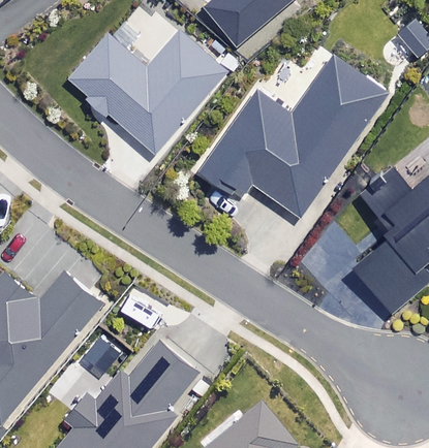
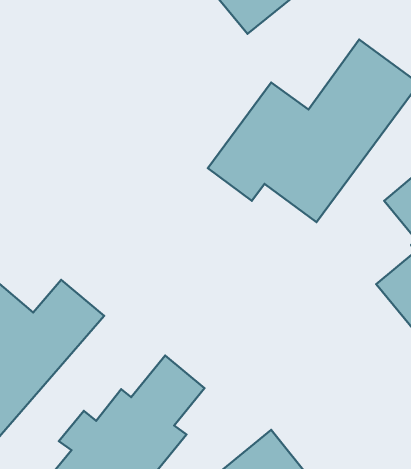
building: [70,30,227,153] -> none

